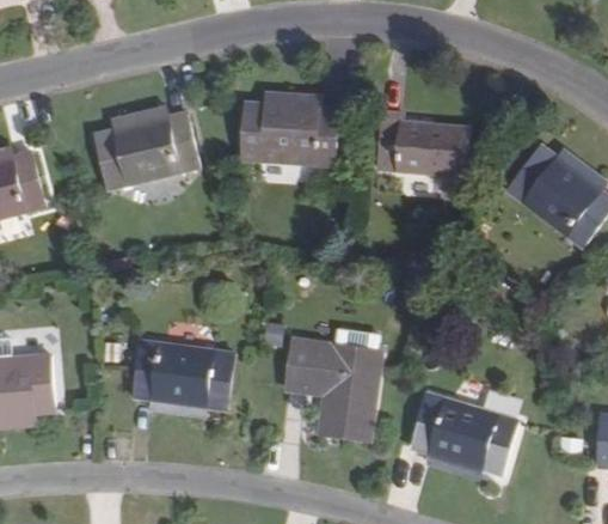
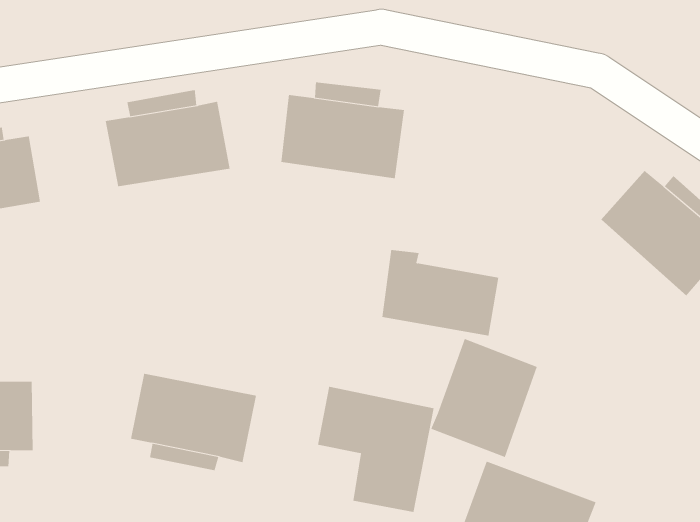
building: [376,111,471,177] -> [381,249,499,336]
building: none -> [430,338,537,458]

